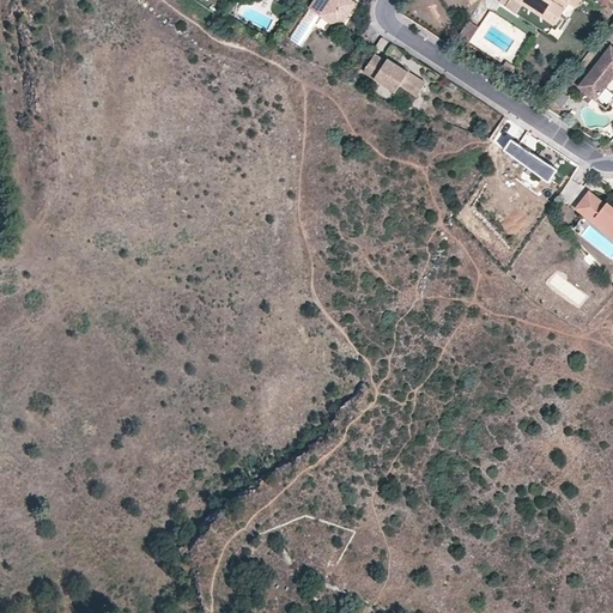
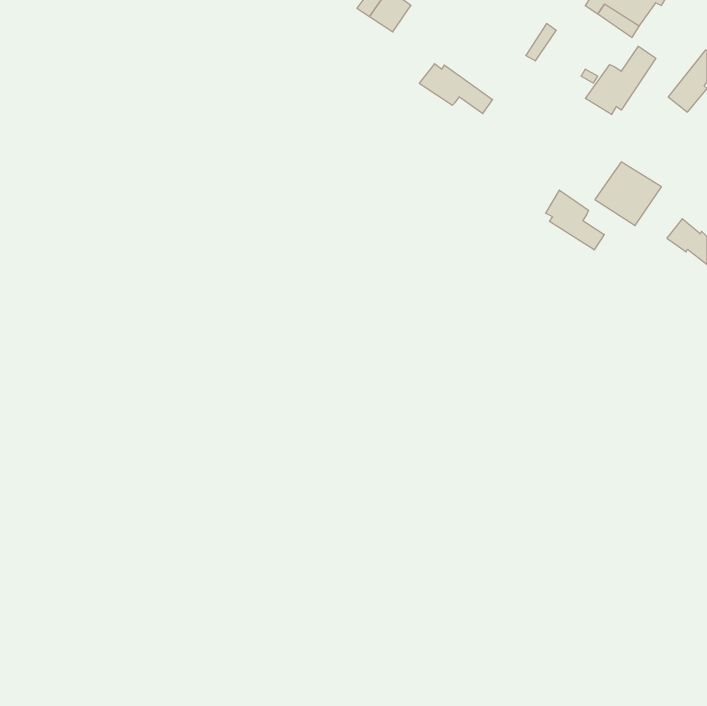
building: none -> [585,46,656,115]
building: none -> [546,190,604,250]

